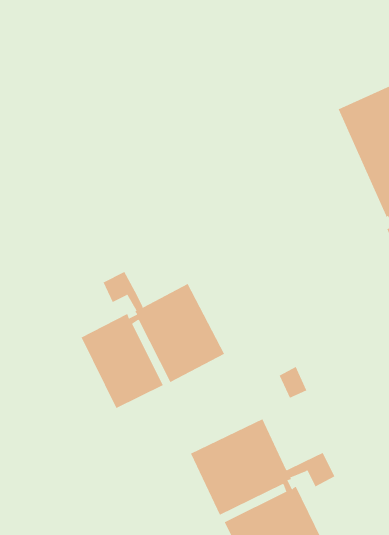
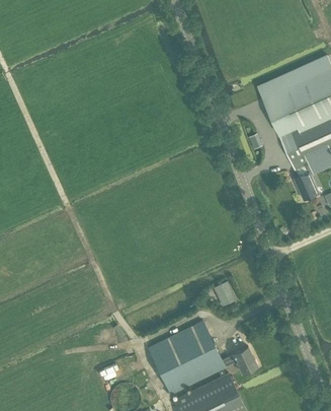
building: [81,271,225,409] -> none

